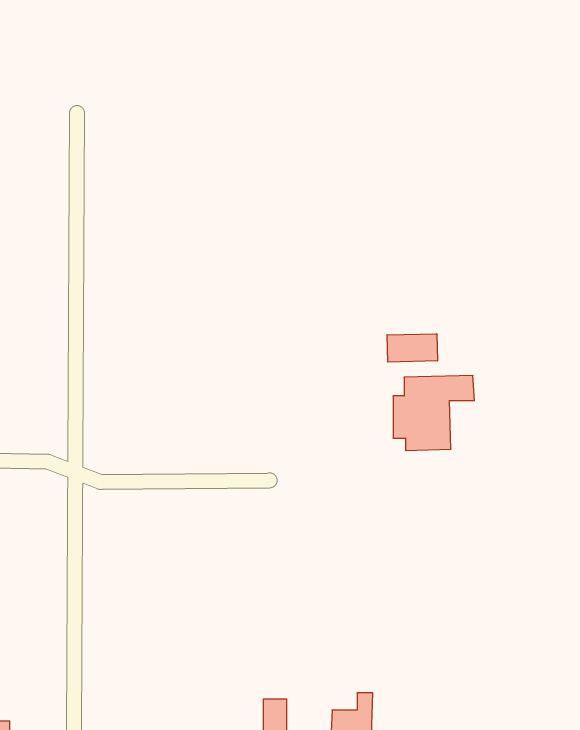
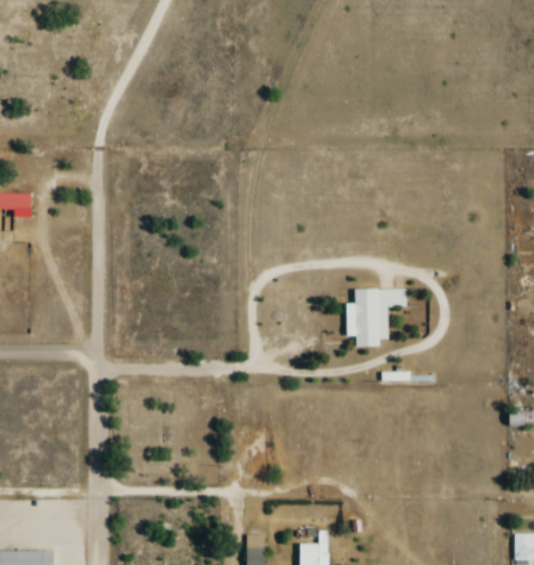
building: [387,334,437,362] -> none

